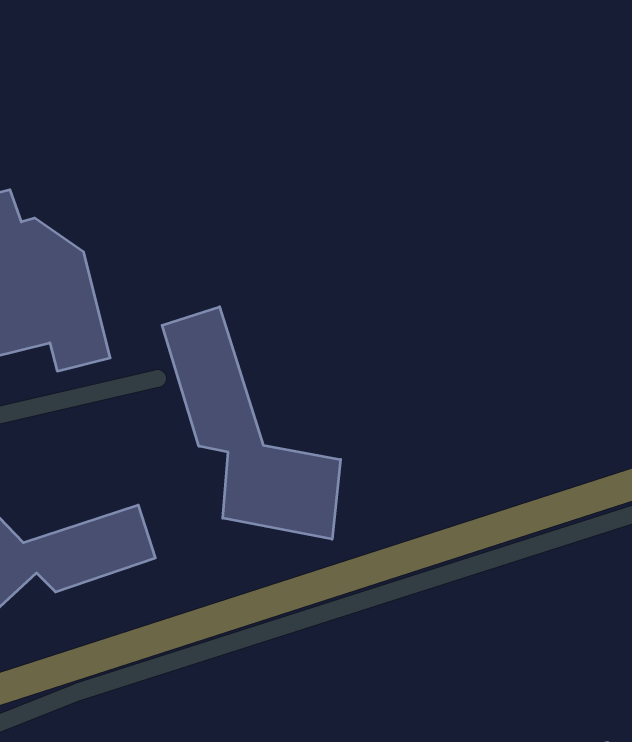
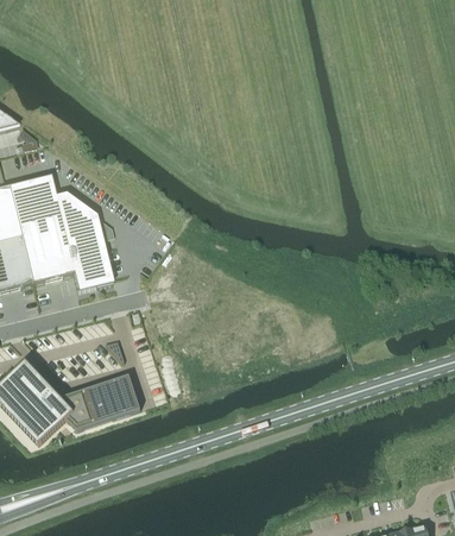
building: [162,307,341,539] -> none

